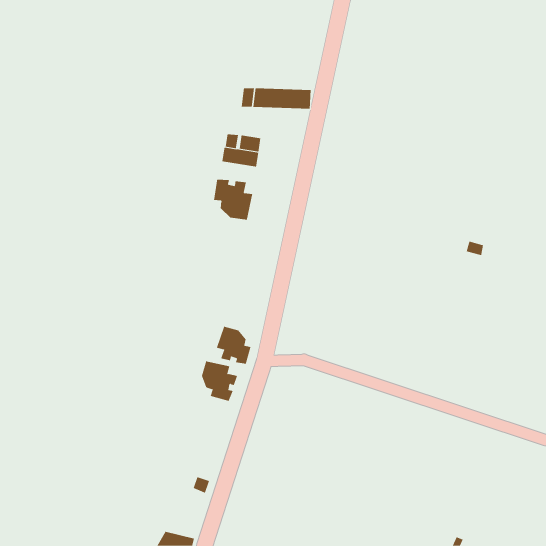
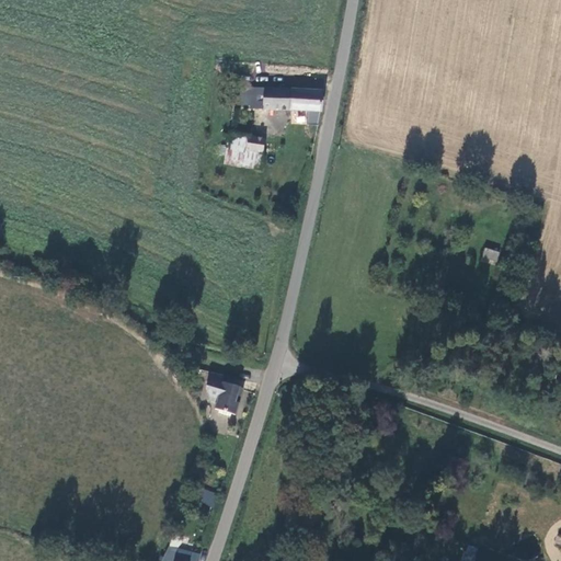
building: [214,179,253,221] -> none
building: [216,326,251,365] -> none

